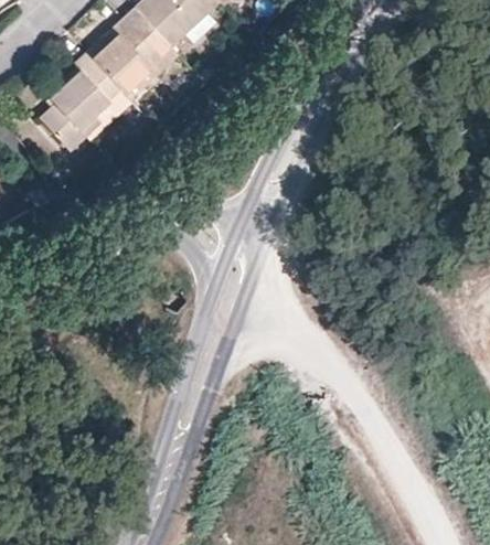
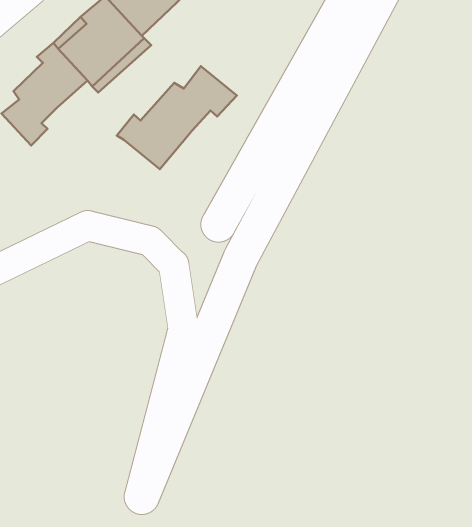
building: none -> [117,66,237,169]

